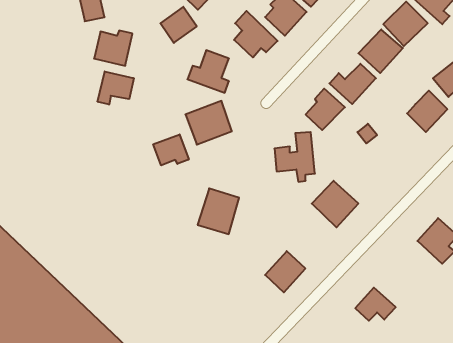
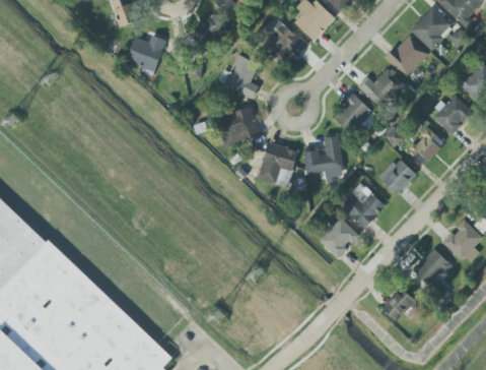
building: [98,71,134,105] -> none
building: none -> [408,126,444,161]
building: [153,134,189,165] -> none
building: none -> [378,157,416,194]
building: [198,188,239,234] -> [258,142,298,187]
building: none -> [413,249,450,303]
building: [265,251,305,292] -> [319,218,358,258]

